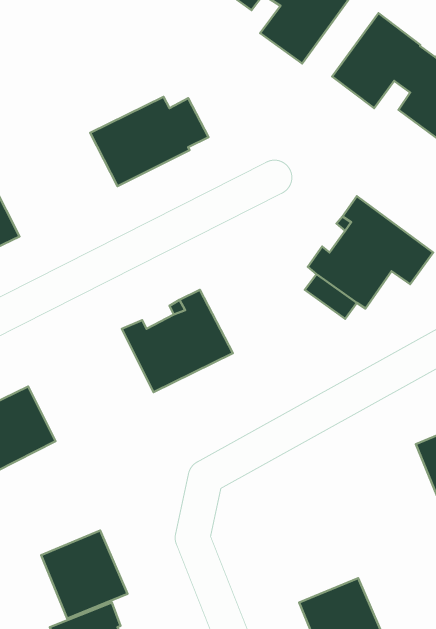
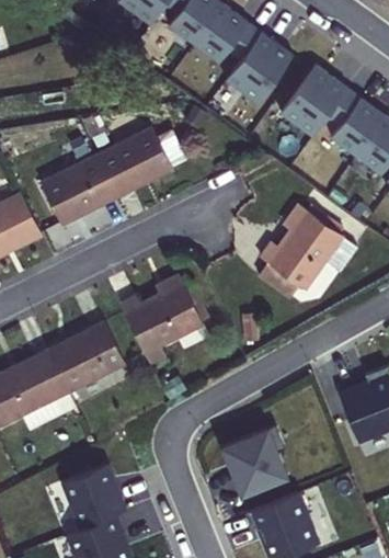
building: none -> [39,156,117,224]
building: none -> [49,321,125,390]
building: none -> [222,433,289,501]

